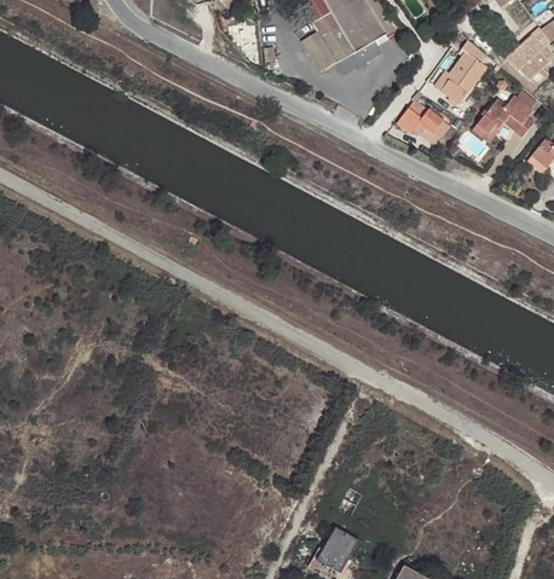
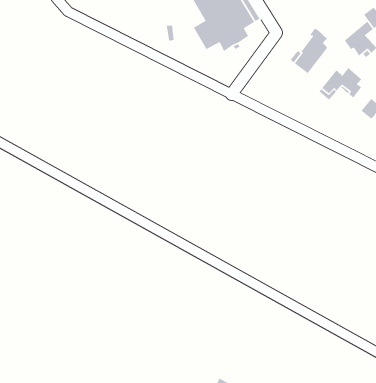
building: [394,103,443,135] -> none

